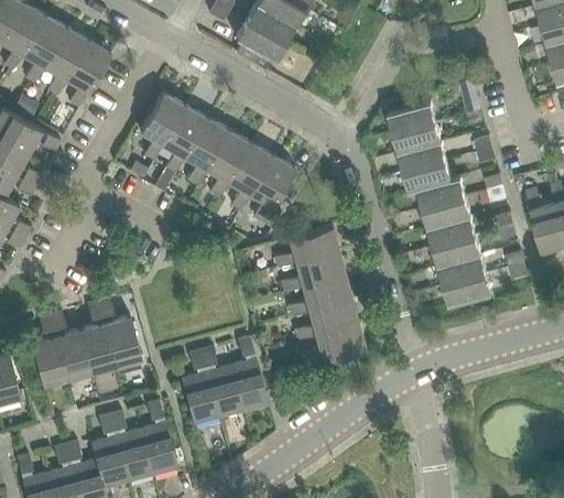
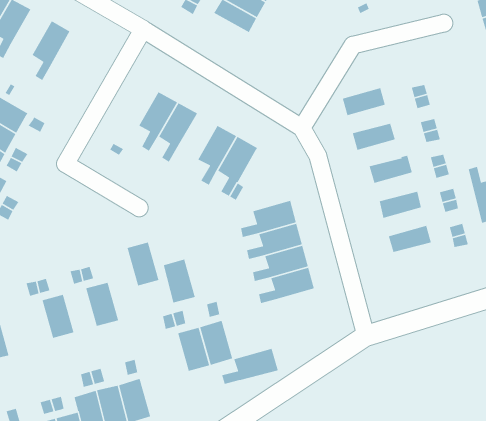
building: [22,15,66,83] -> none
building: [235,20,284,69] -> none
building: [65,40,110,107] -> none
building: [139,93,184,160] -> none
building: [392,121,441,152] -> none
building: [205,130,249,197] -> none
building: [403,160,452,192] -> none
building: [422,196,470,227] -> none
building: [432,235,480,266] -> none
building: [443,273,491,305] -> none
building: [79,323,116,372] -> [127,242,160,287]
building: [301,324,365,365] -> [221,348,279,385]
building: [30,336,67,386] -> none
building: [181,372,217,422] -> [163,259,196,304]

